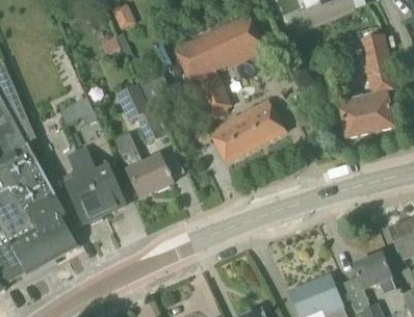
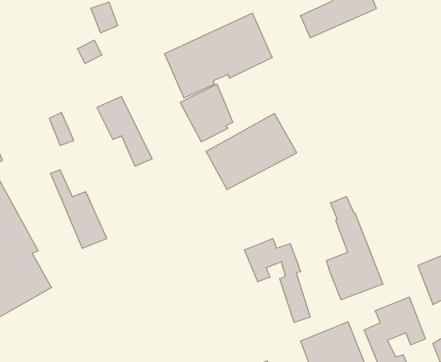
building: [337,33,396,137] -> none
building: [113,132,172,196] -> none
building: [66,149,104,223] -> none
building: none -> [326,197,383,300]
building: none -> [245,239,310,322]

